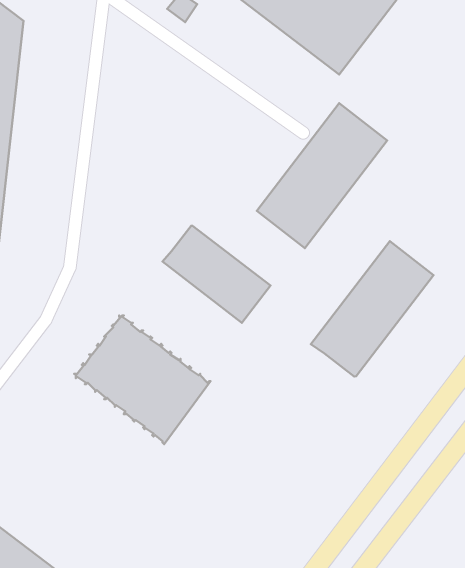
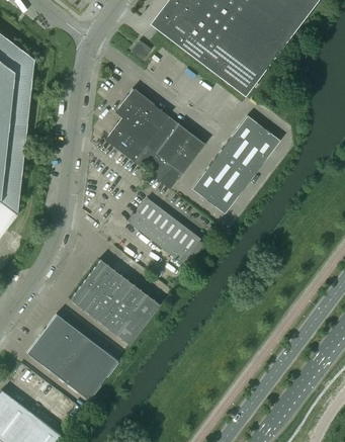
building: none -> [103,89,204,190]
building: [311,241,434,377] -> none
building: none -> [26,314,116,400]

